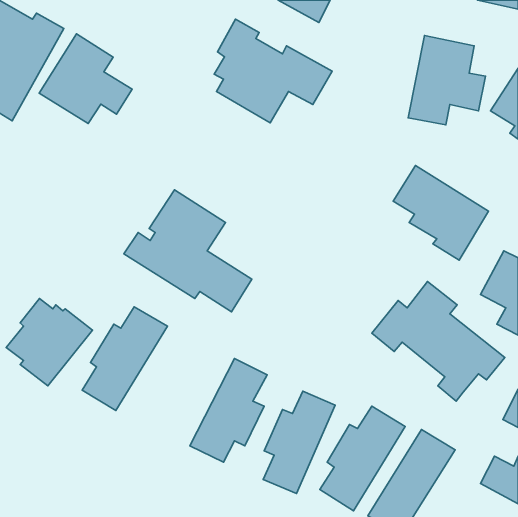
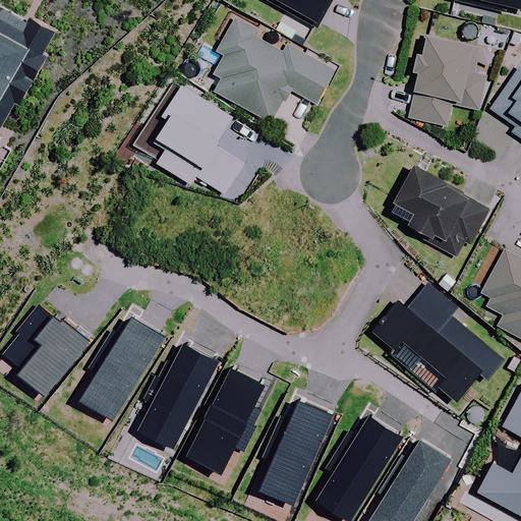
building: [39,34,132,124] -> none
building: [124,190,252,312] -> [132,84,260,207]
building: none -> [141,338,221,442]

